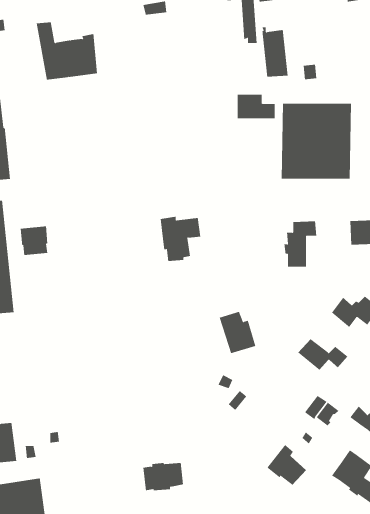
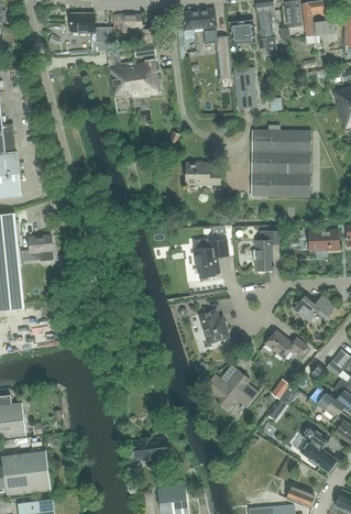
building: [36,22,98,80] -> [106,48,158,98]
building: [237,94,275,119] -> [187,163,220,184]
building: [160,216,201,261] -> [194,238,229,276]
building: [267,444,307,486] -> [222,370,256,405]

